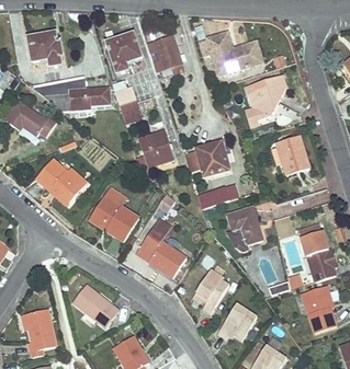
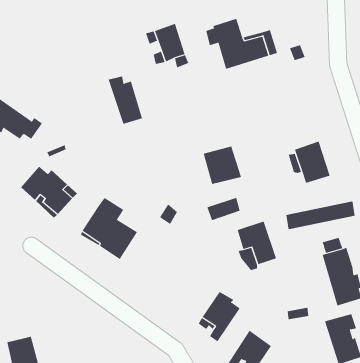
building: [27,32,63,67] -> none
building: [106,32,143,72] -> none
building: [246,74,286,126] -> none
building: [31,76,111,111] -> none
building: [140,130,172,165] -> none
building: [136,217,187,277] -> none
building: [72,285,118,325] -> none

